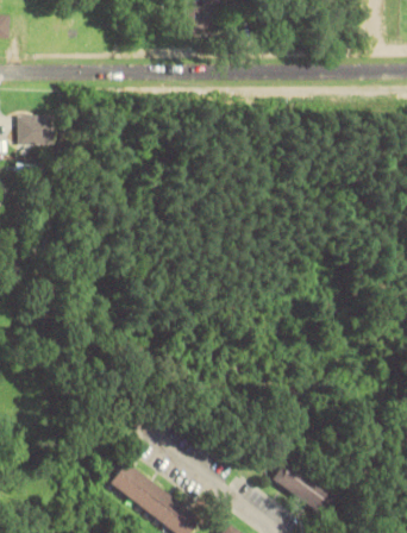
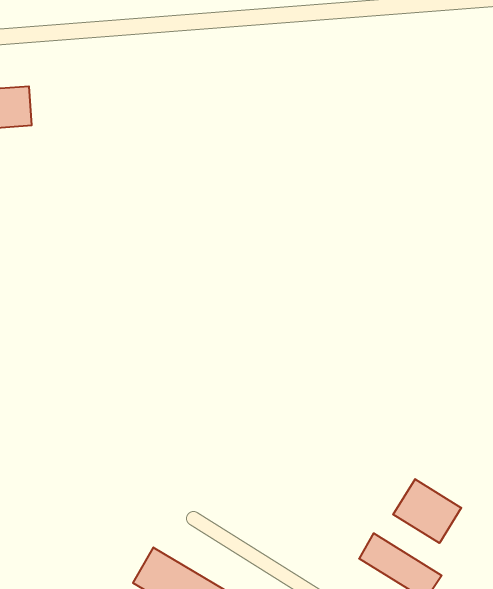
building: none -> [393,479,461,543]

